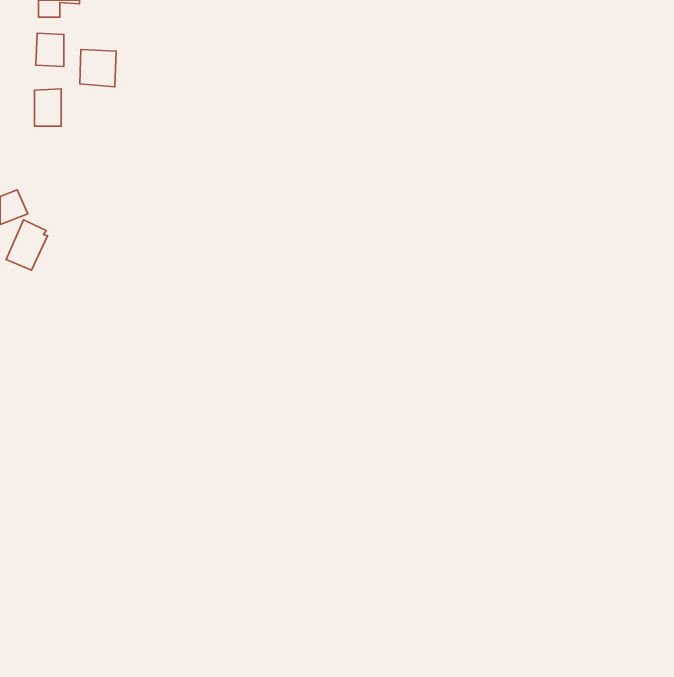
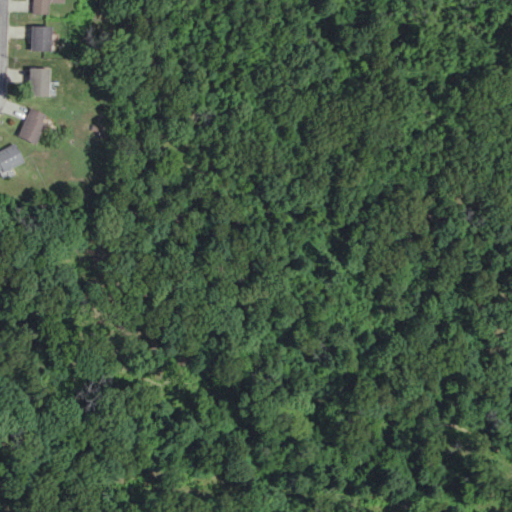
building: [80,50,116,87] -> none
building: [6,220,47,270] -> [18,107,49,145]

